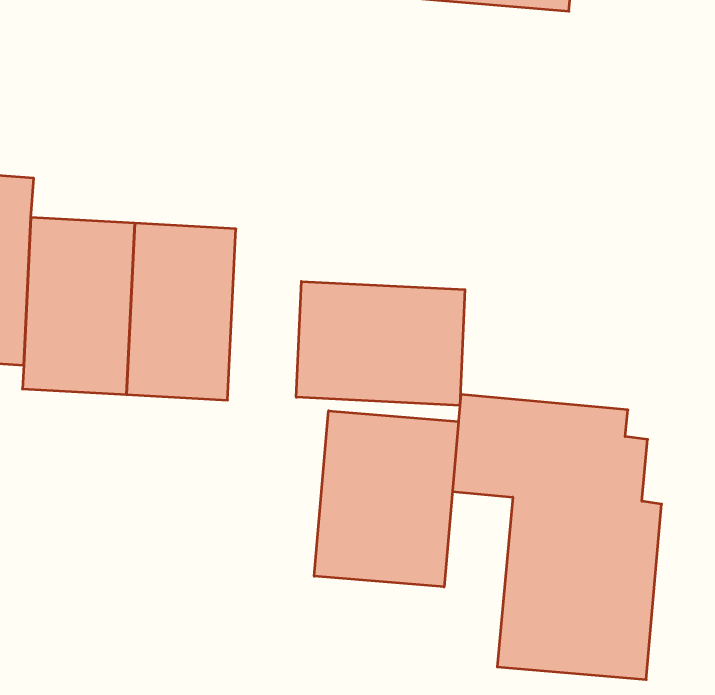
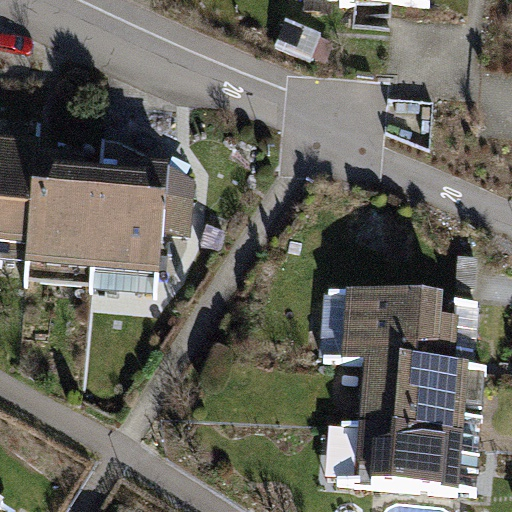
building: [296,281,465,405] -> none
building: [314,411,458,587] -> none

